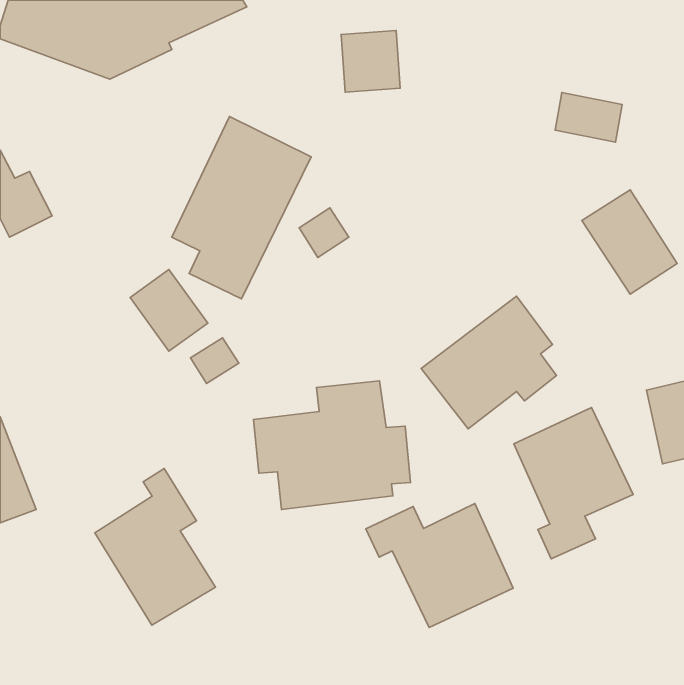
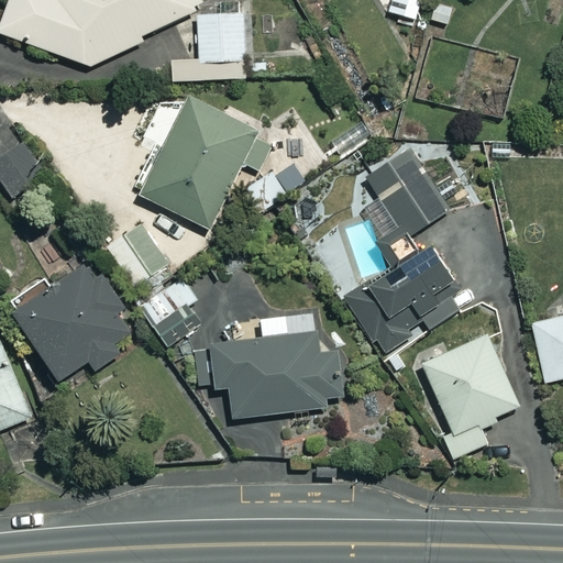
building: [341,30,400,92] -> [198,11,246,62]
building: [582,190,677,294] -> [366,151,444,236]
building: none -> [12,260,131,379]
building: [95,469,216,625] -> none
building: [366,504,513,627] -> none

